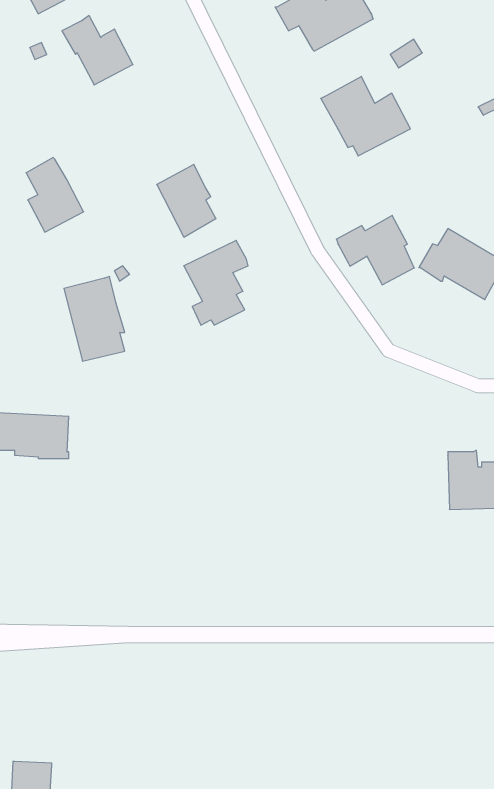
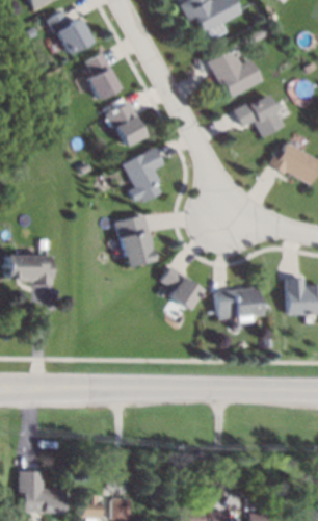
building: [26,158,84,232] -> [86,53,122,99]
building: [336,215,414,285] -> [234,95,282,137]
building: [64,277,125,361] -> [116,214,154,266]
building: none -> [161,266,202,310]
building: none -> [215,286,260,319]

